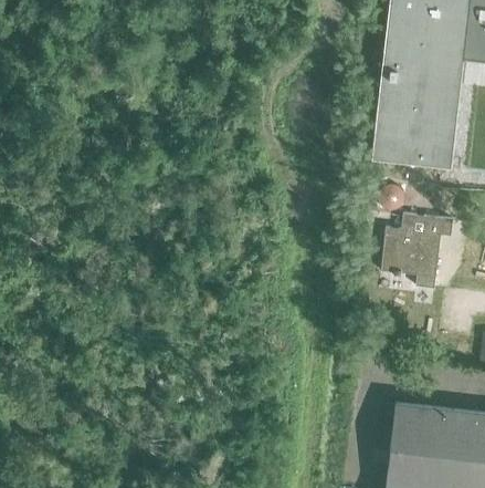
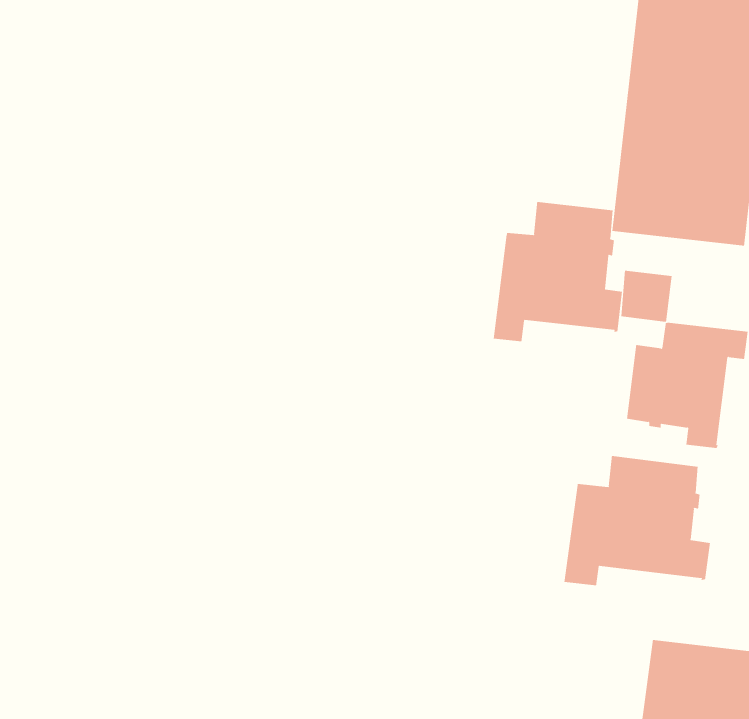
building: none -> [493,201,623,342]
building: none -> [564,455,710,586]

